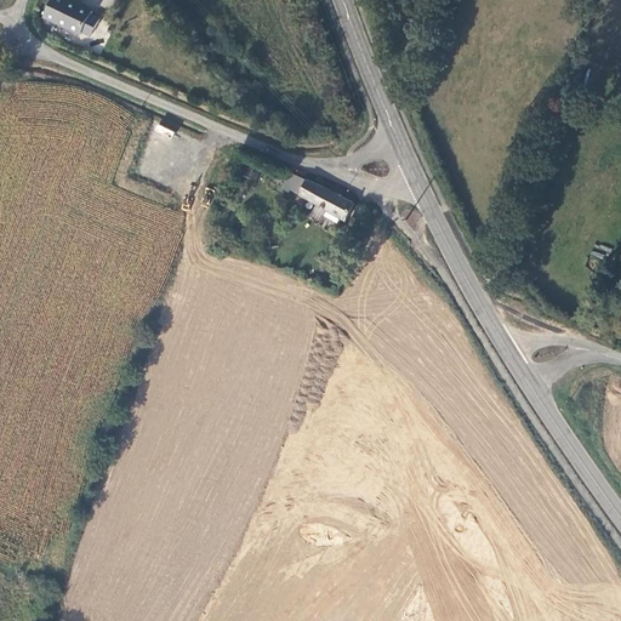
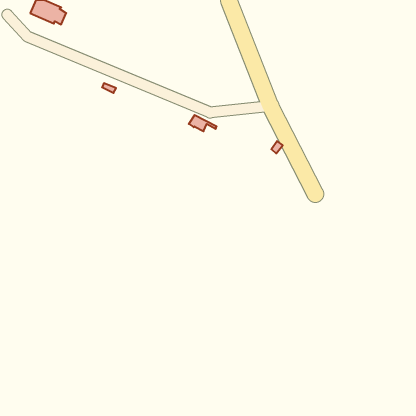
building: [302,186,352,221] -> none

